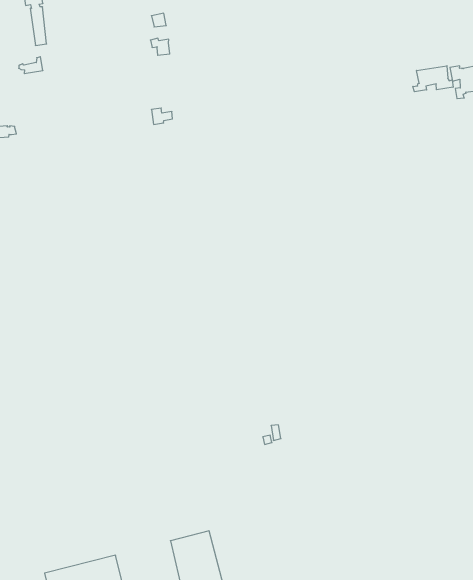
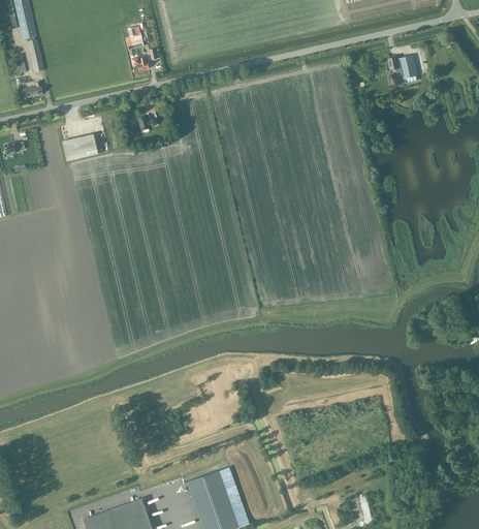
building: [413,66,453,92] -> none
building: none -> [62,133,100,161]

